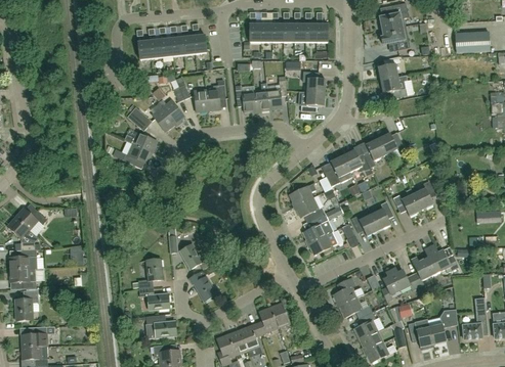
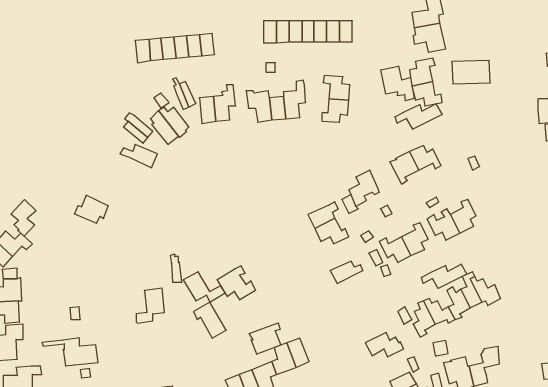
building: [456,32,490,52] -> [452,60,490,84]
building: none -> [381,66,414,101]
building: none -> [395,104,442,129]
building: [122,143,152,168] -> [74,195,108,223]
building: [343,147,373,177] -> none
building: none -> [11,200,36,236]
building: [303,213,333,242] -> none
building: none -> [421,264,467,288]
building: none -> [217,266,255,300]
building: [334,277,365,306] -> none
building: [139,286,169,310] -> none
building: none -> [249,323,281,354]
building: [463,297,488,339] -> none
building: [354,311,378,339] -> none
building: [127,314,176,338] -> [42,338,98,366]

